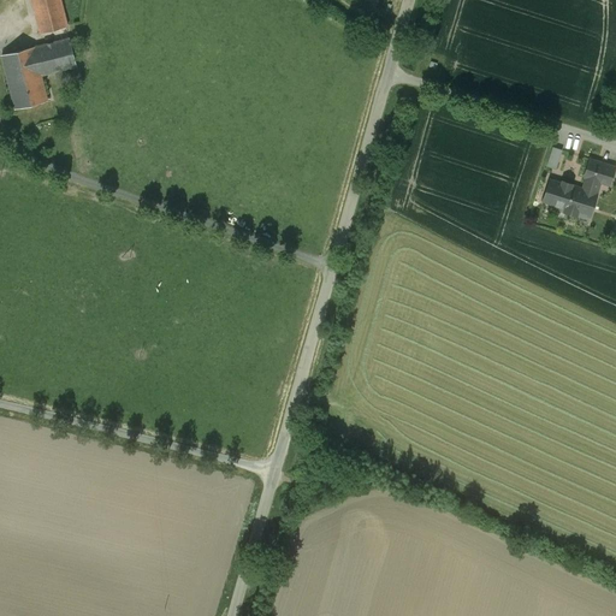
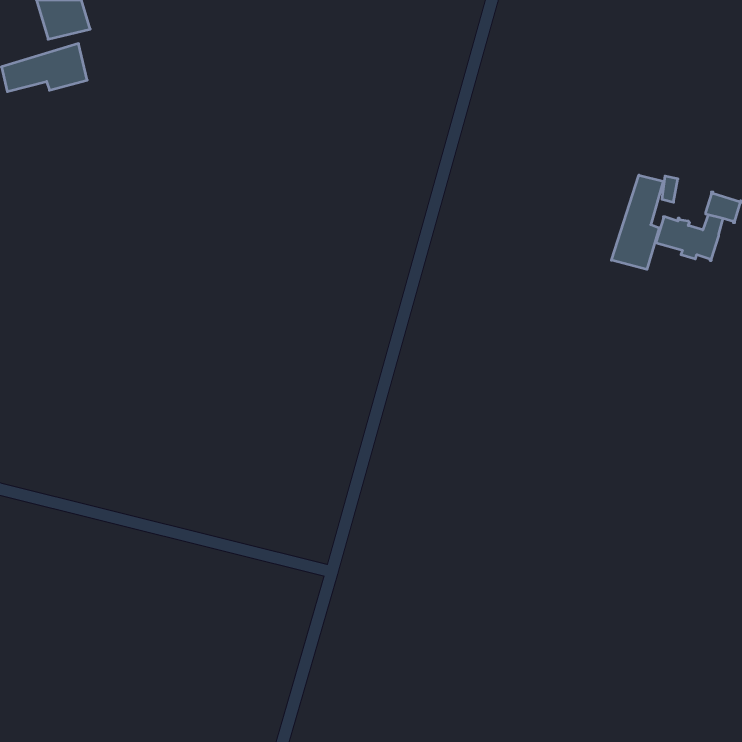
building: [6,69,47,109] -> none
building: none -> [611,175,663,269]

